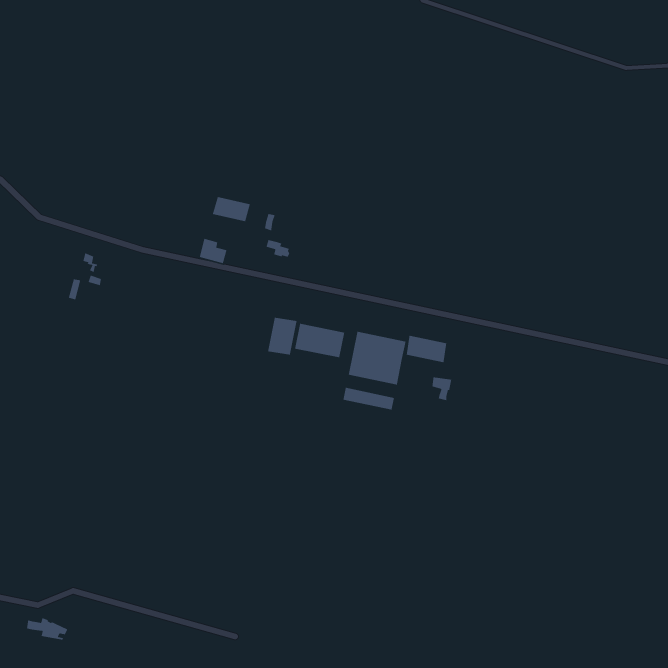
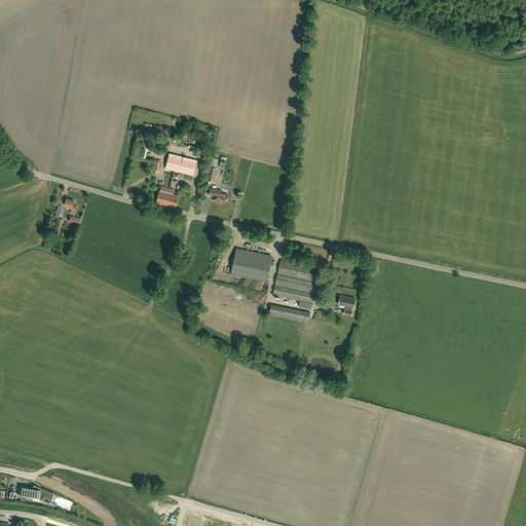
building: [267,317,298,356] -> none
building: [406,335,447,363] -> none

